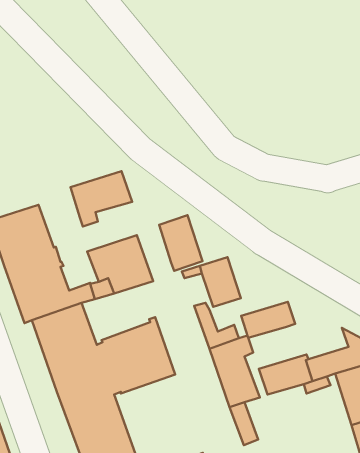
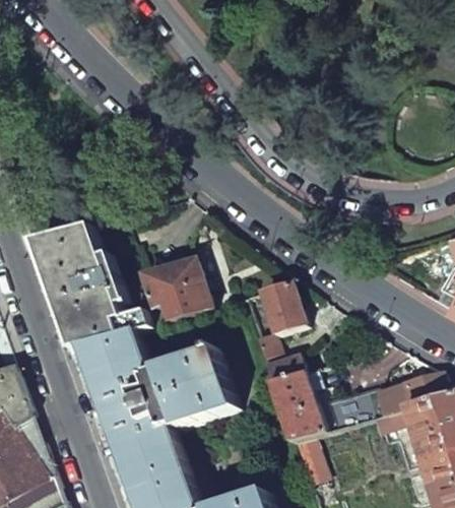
building: [71,171,132,226] -> none
building: [159,215,203,271] -> none
building: [241,302,295,338] -> none

